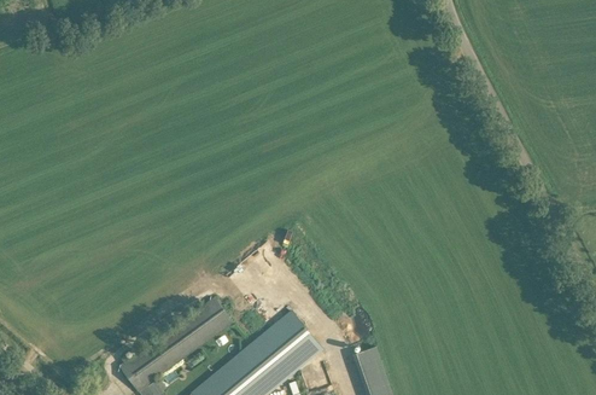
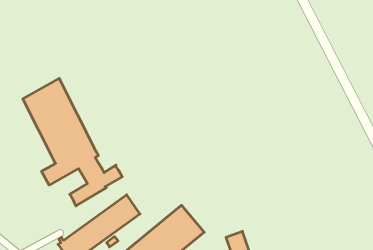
building: none -> [23,78,122,206]

